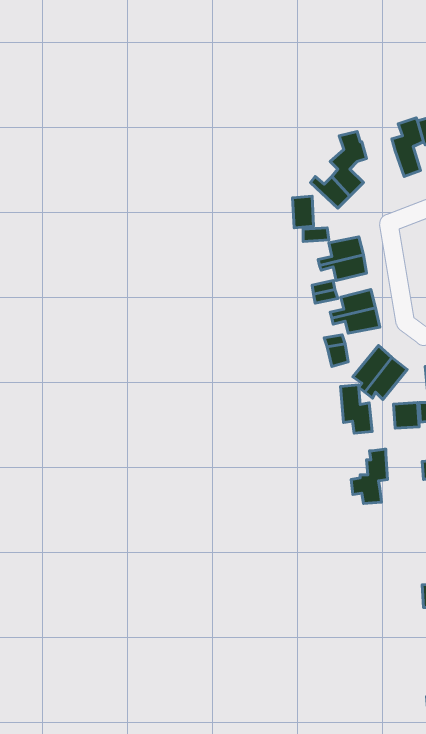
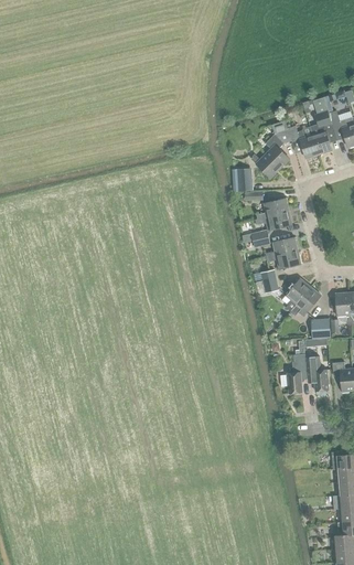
building: none -> [288,125,319,158]
building: [341,385,372,433] -> [305,355,329,391]

